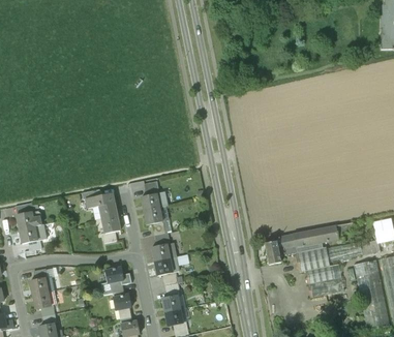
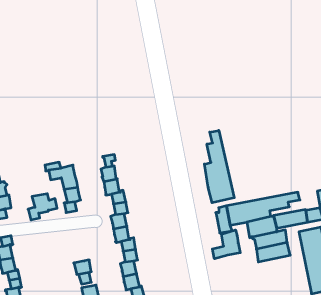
building: none -> [204,130,234,203]
building: none -> [212,230,240,259]
building: [100,267,131,295] -> [28,194,57,220]

